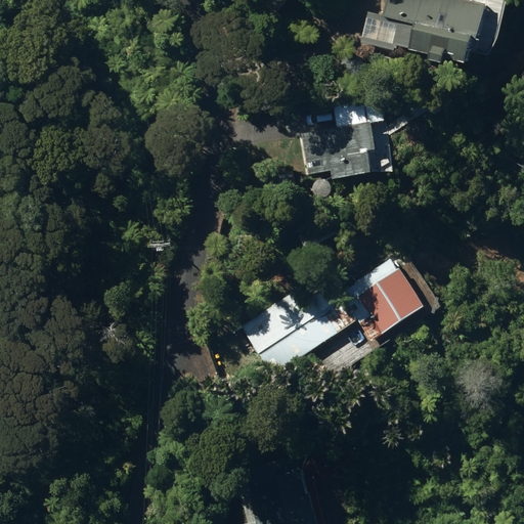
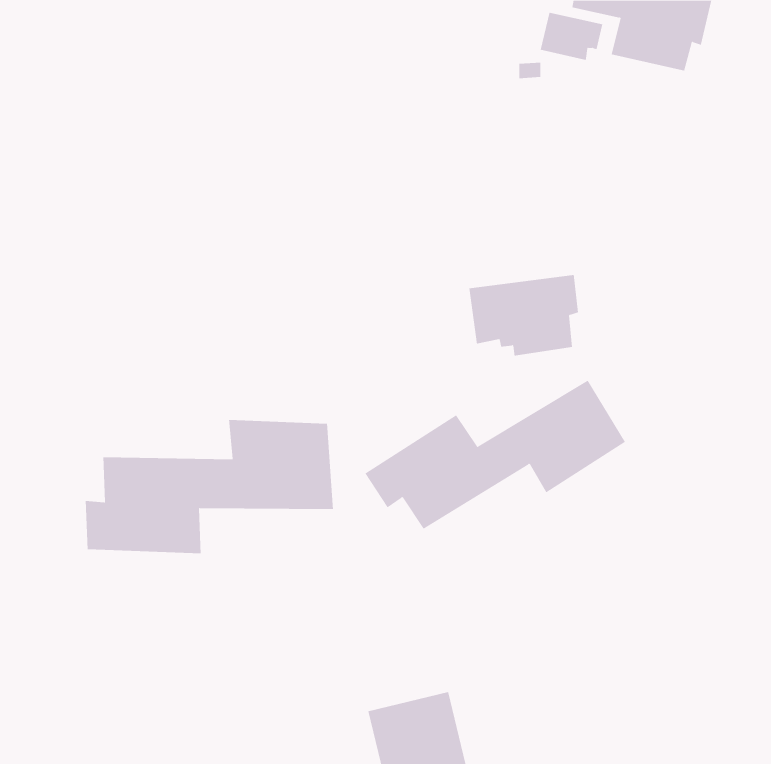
building: [300,125,375,180] -> [469,275,579,356]
building: none -> [85,419,333,554]

